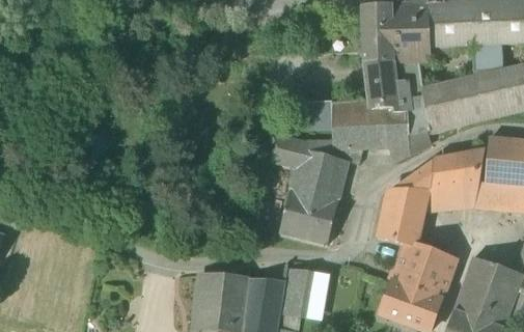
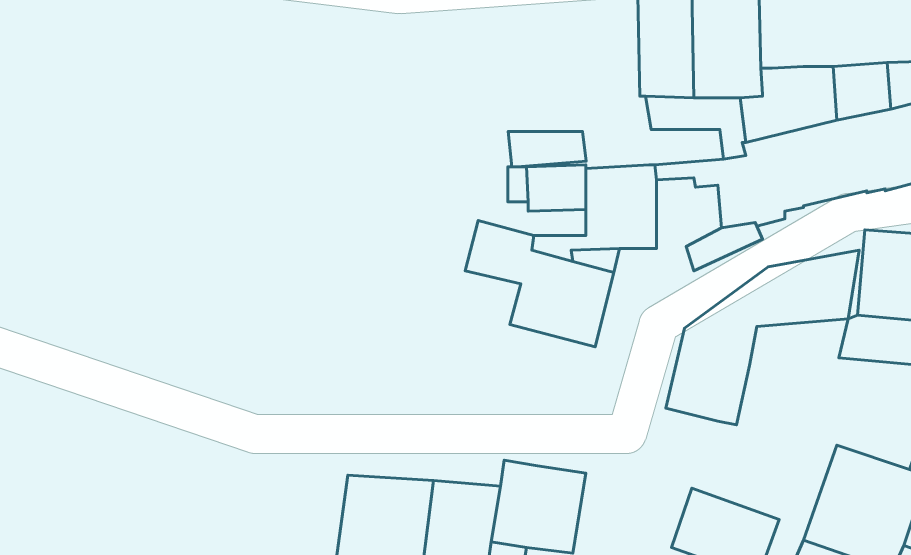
building: [366,80,410,100] -> [508,131,586,167]
building: [373,107,409,146] -> none
building: [424,186,479,212] -> none
building: [280,189,338,243] -> none
building: [392,243,456,298] -> none

